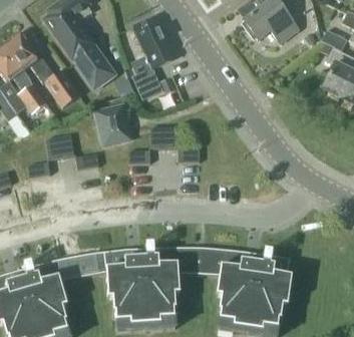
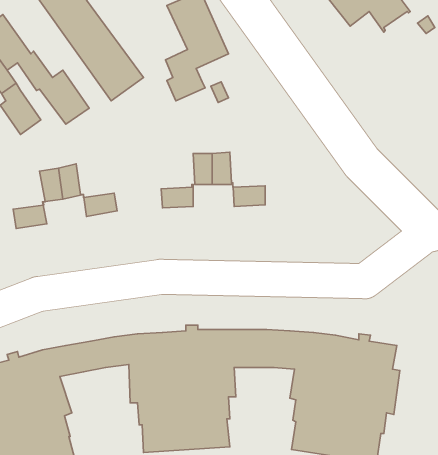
building: [96,106,130,145] -> none

